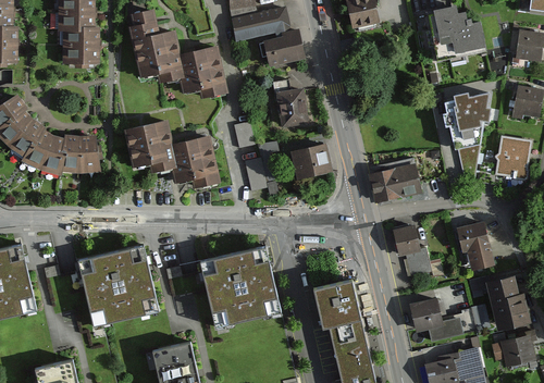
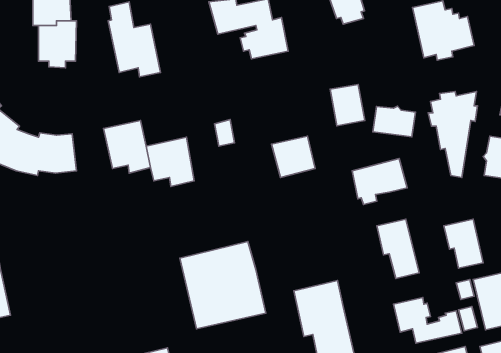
building: [177,45,223,96] -> none
building: [274,86,308,126] -> [330,85,365,126]
building: none -> [373,106,416,137]
building: [244,143,279,195] -> none
building: [78,245,159,328] -> none

